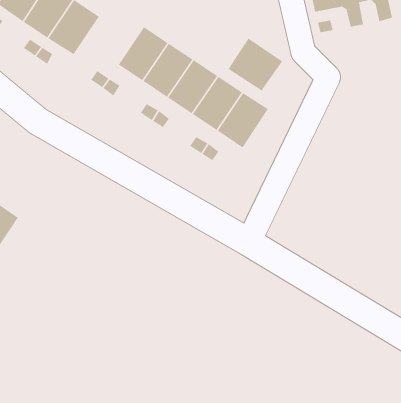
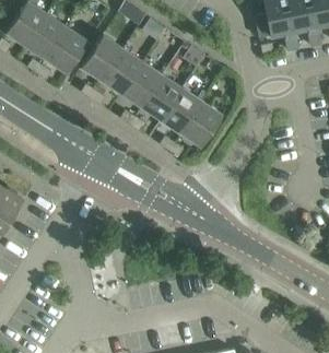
building: none -> [82,35,124,80]
building: [227,38,283,92] -> none

